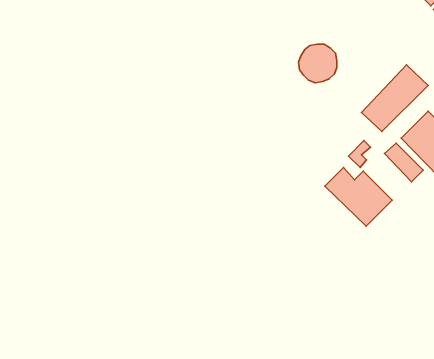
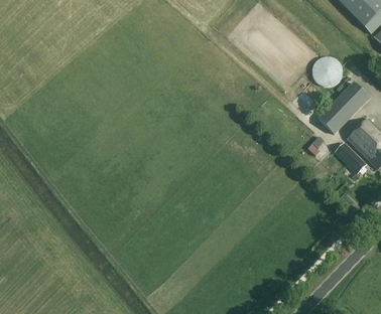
building: [298,44,337,83] -> [311,55,342,86]
building: [325,167,392,226] -> none

